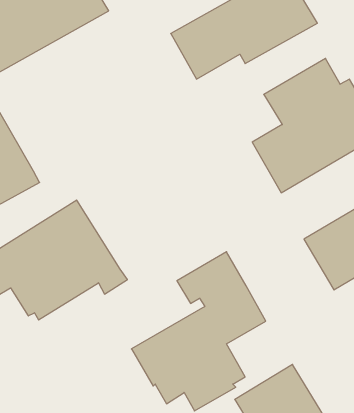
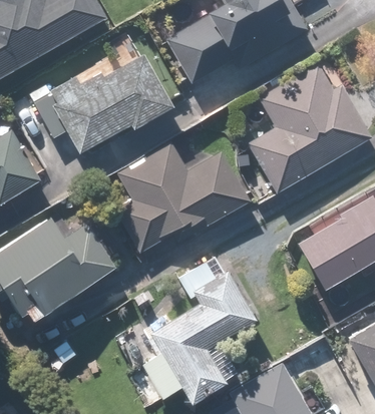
building: none -> [30,53,178,152]
building: none -> [110,142,252,256]

